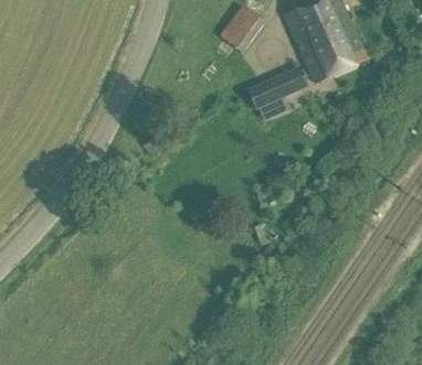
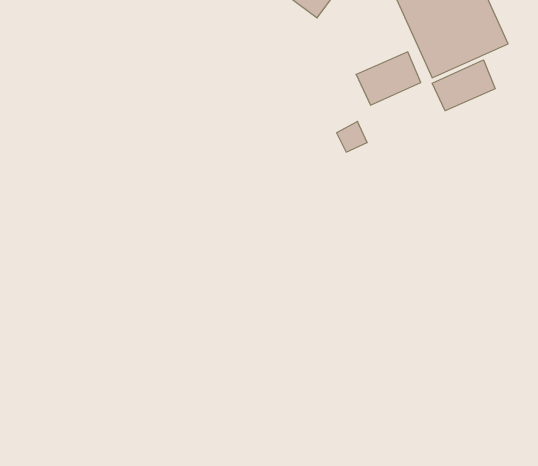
building: none -> [432,60,495,111]

